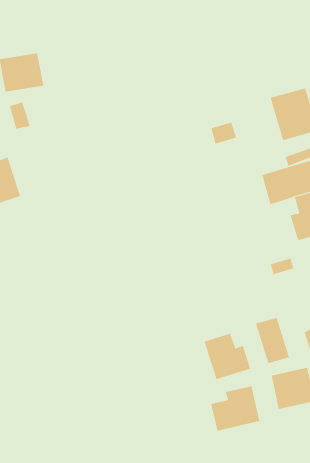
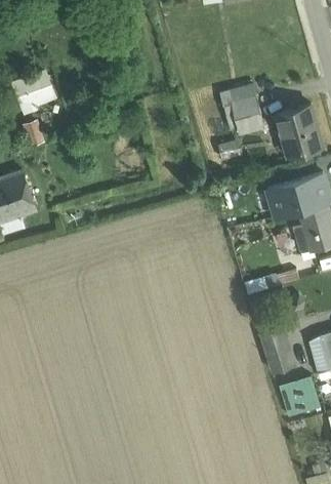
building: none -> [218,82,267,137]
building: [204,332,251,380] -> none
building: [211,386,260,431] -> none

